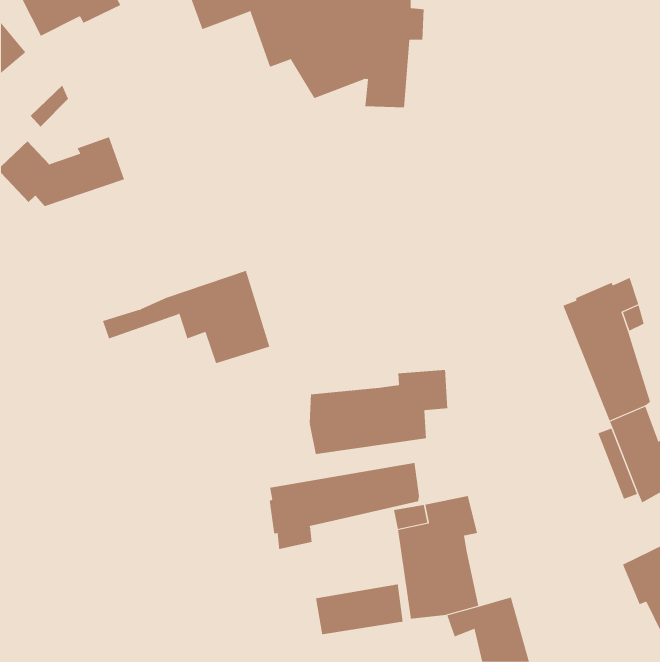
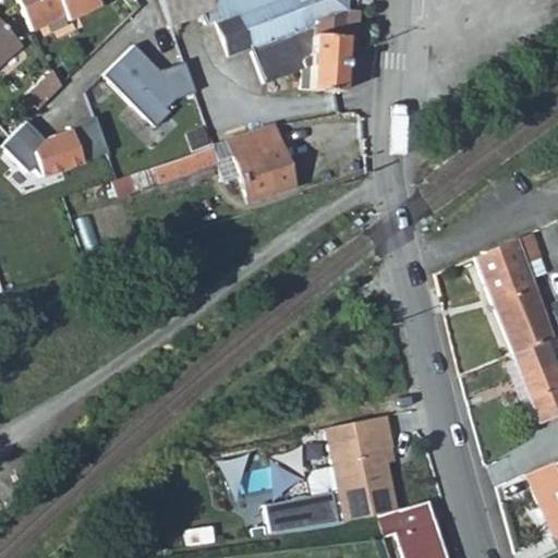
building: none -> [105,44,197,125]
building: [102,270,270,364] -> [154,123,294,202]
building: [309,369,448,455] -> none
building: [269,462,420,550] -> none

